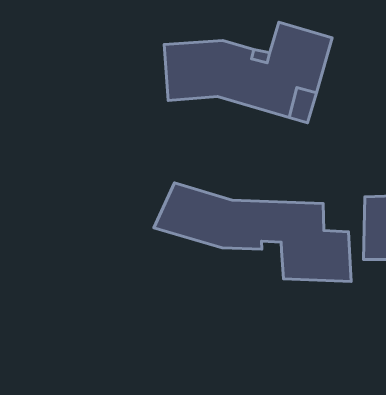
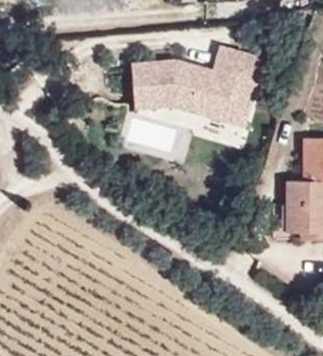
building: [154,183,351,281] -> none

